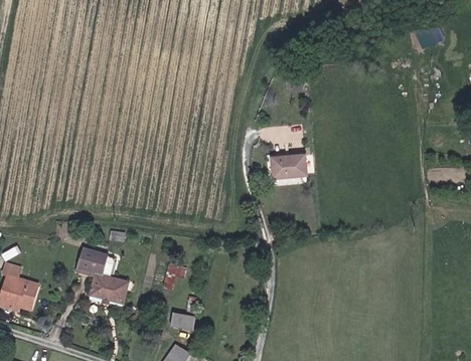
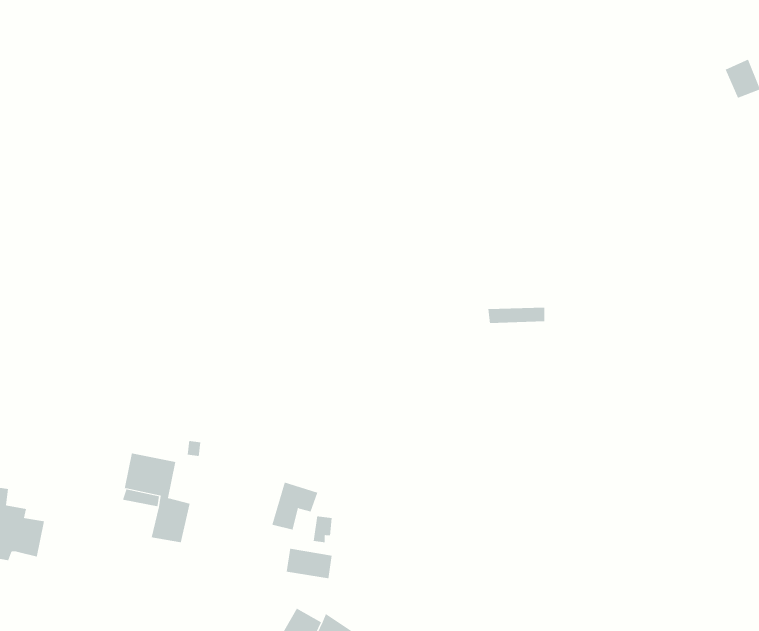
building: [279,153,311,173] -> none
building: [108,282,129,307] -> none

